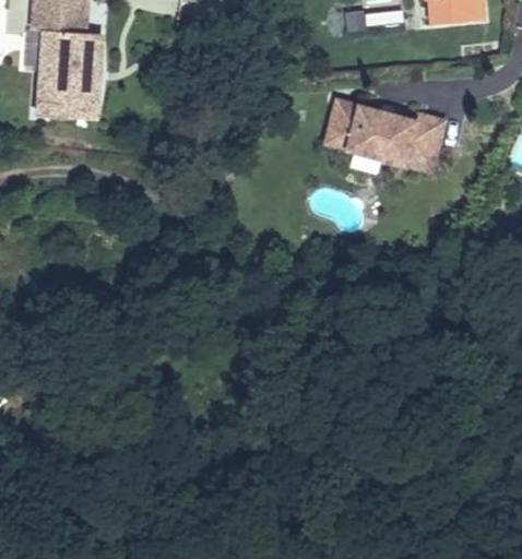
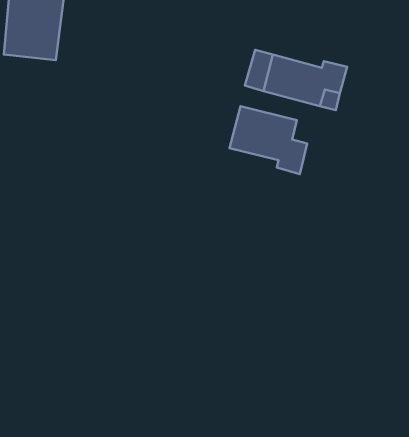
building: none -> [230,106,307,174]

